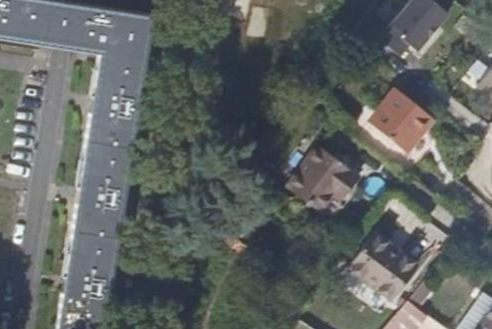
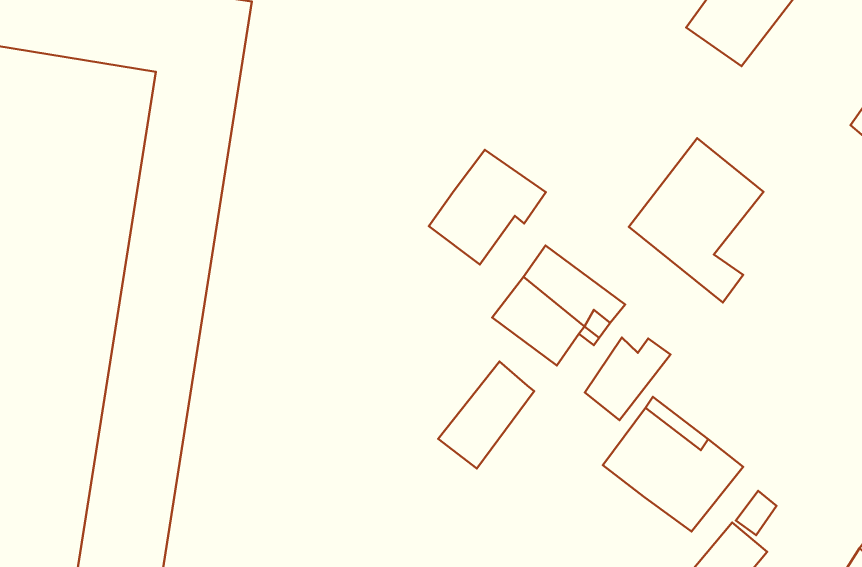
building: none -> [429,150,546,264]
building: none -> [585,338,670,420]
building: none -> [438,362,534,469]

